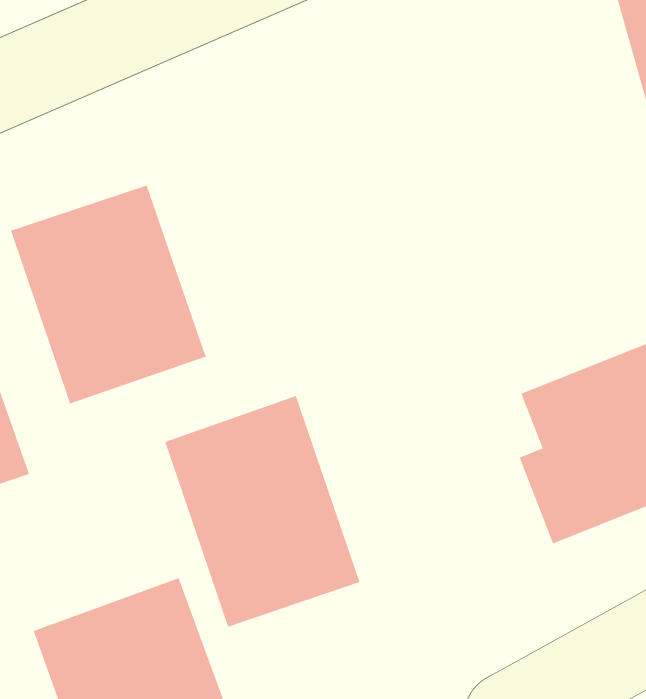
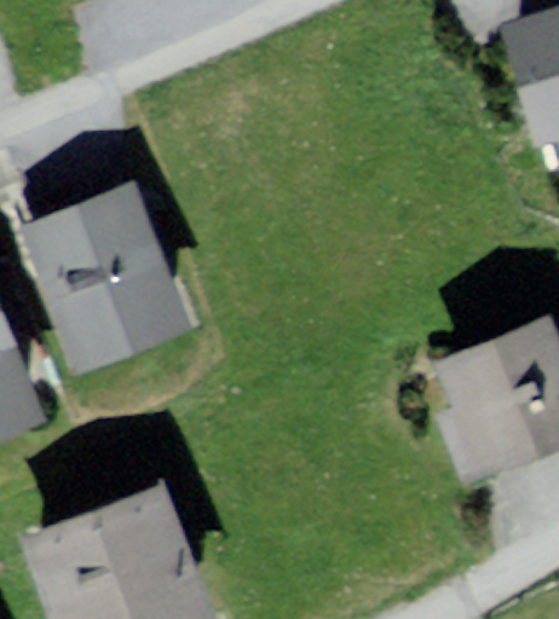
building: [165,395,360,627] -> none

